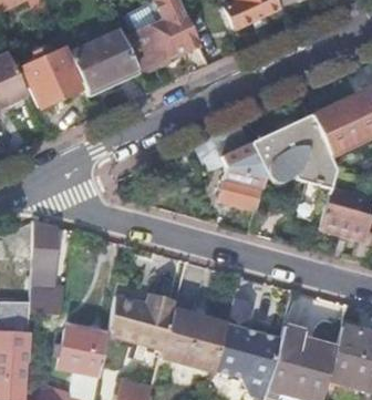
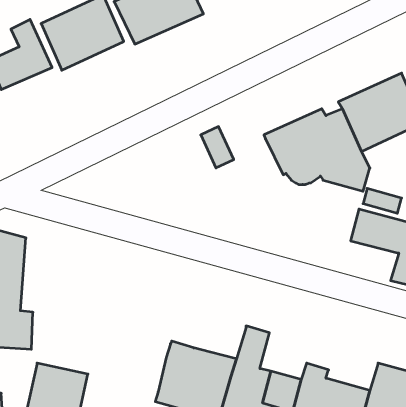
building: [220,145,266,211] -> none
building: [109,296,175,349] -> none

